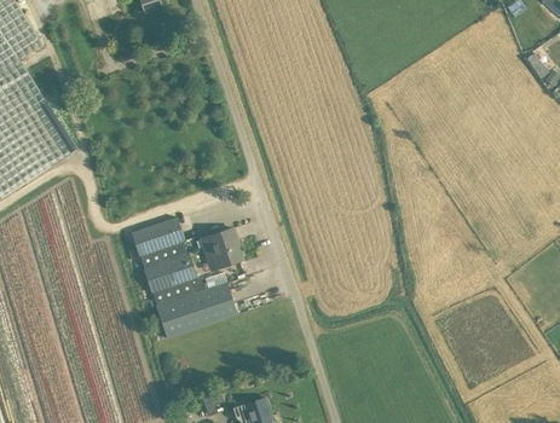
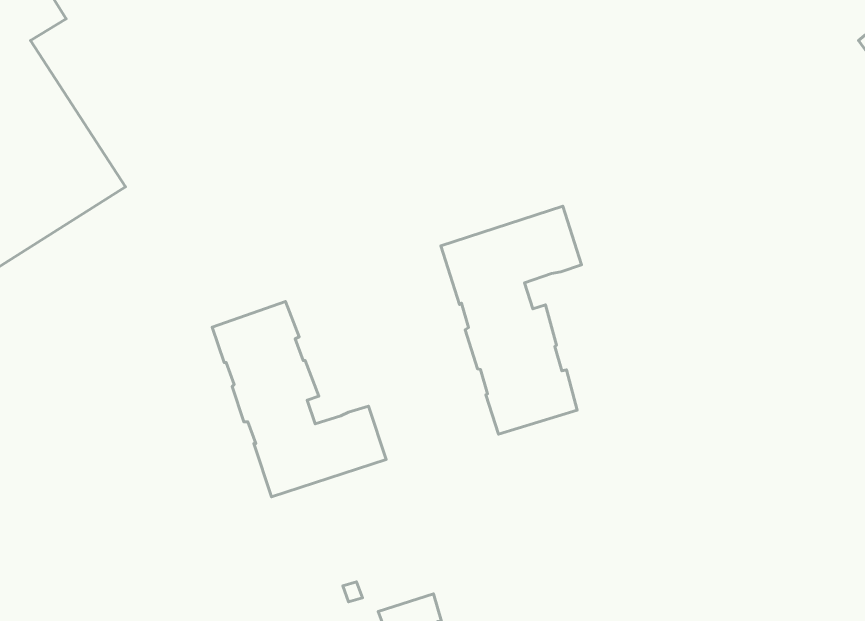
building: none -> [441,206,582,434]
building: [200,227,241,270] -> none

